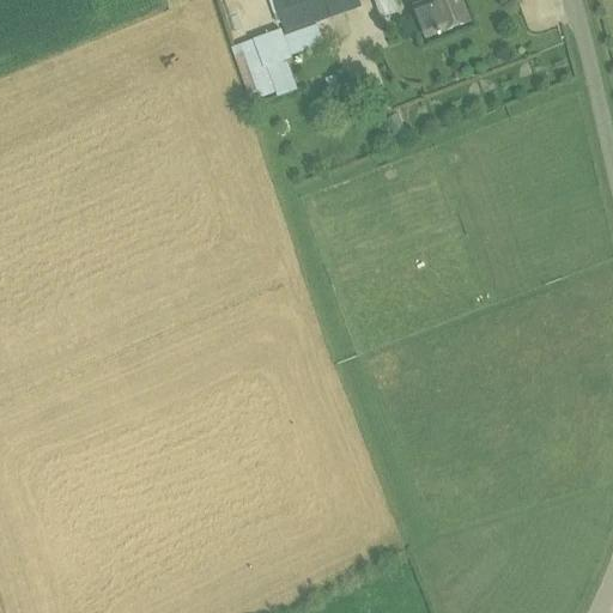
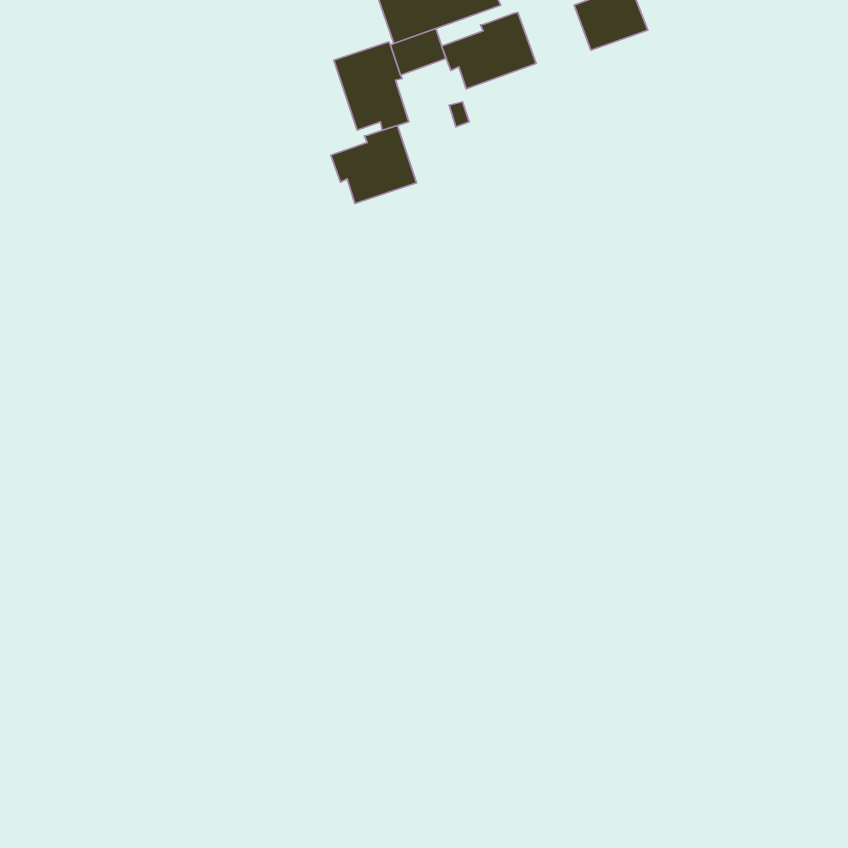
building: none -> [442,12,536,89]
building: none -> [331,126,416,203]

